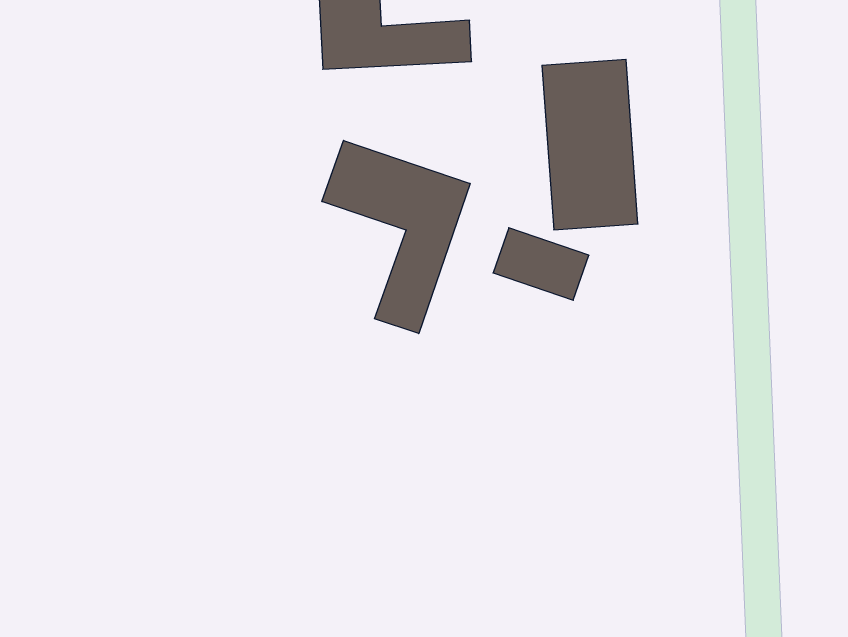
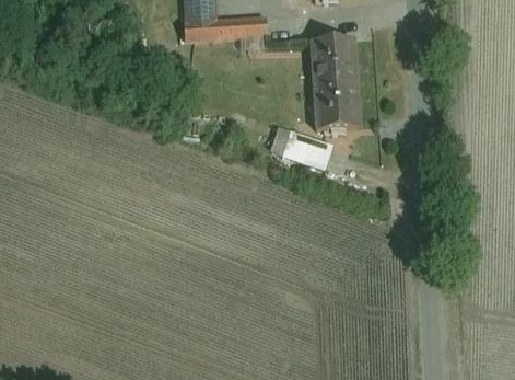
building: [322,140,470,334] -> none

